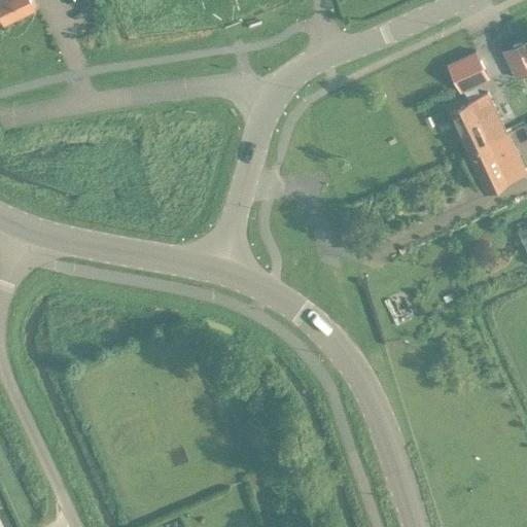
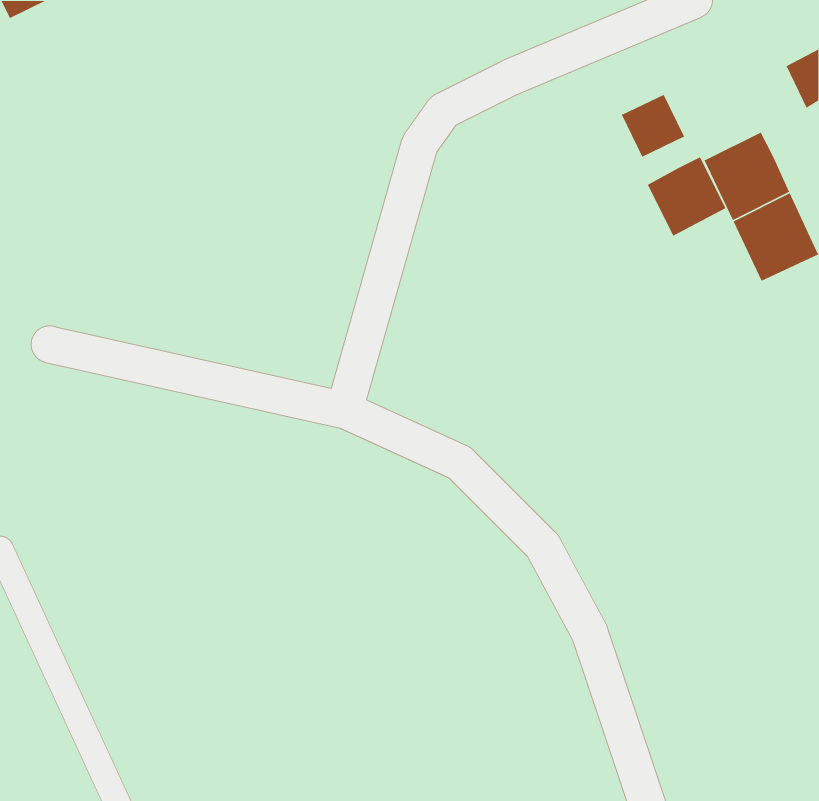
building: [449,54,490,95] -> [621,94,685,158]
building: none -> [647,156,727,237]

